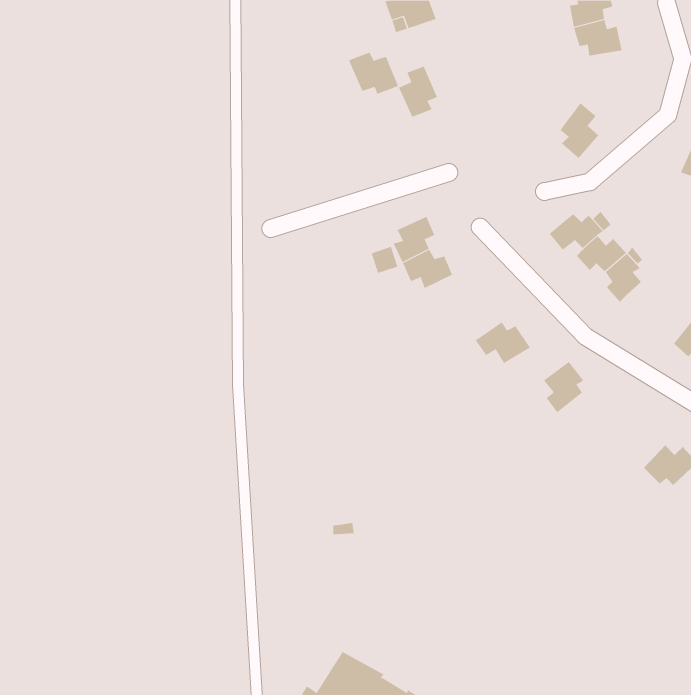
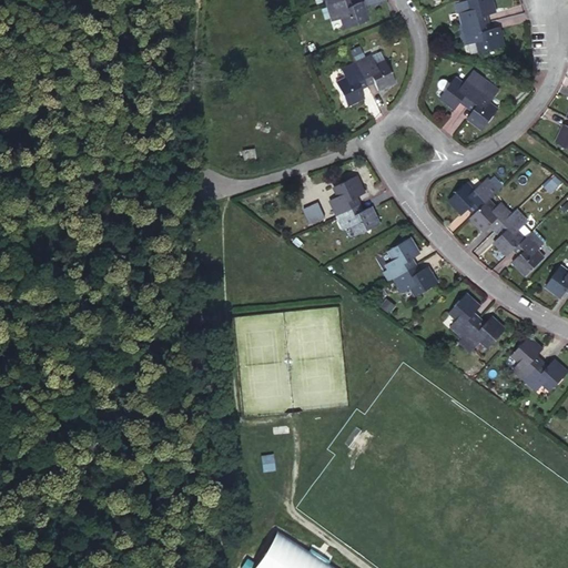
building: [348,52,399,94] -> [351,50,392,84]
building: none -> [435,78,477,110]
building: none -> [515,227,545,268]
building: none -> [383,239,414,280]
building: none -> [458,322,503,353]
building: none -> [516,341,547,383]

